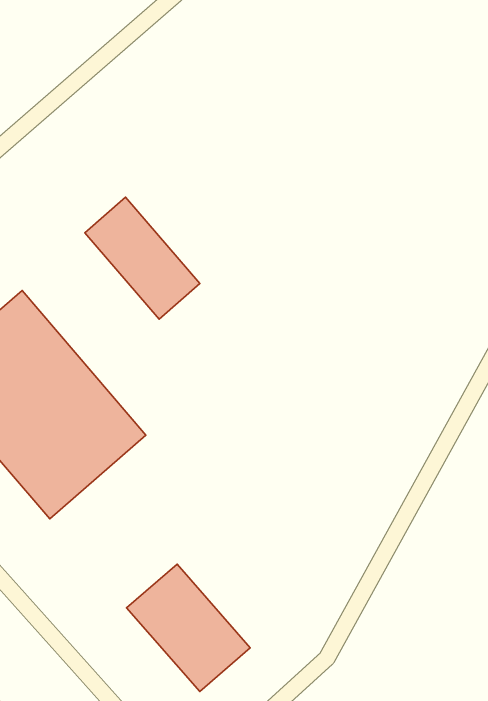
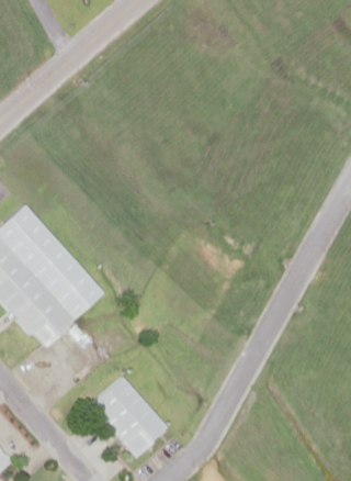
building: [85,197,200,319] -> none

